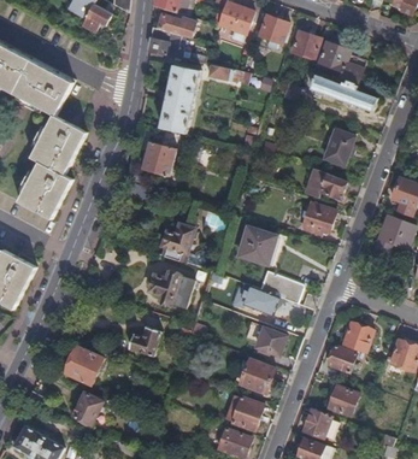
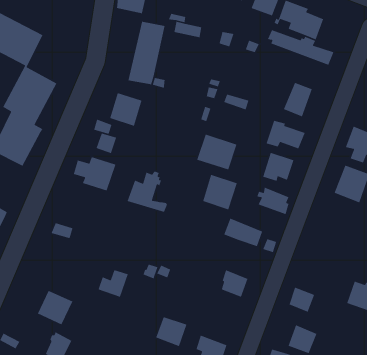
building: none -> [196,134,238,171]
building: [149,271,195,308] -> [73,156,116,192]
building: [241,284,276,314] -> [256,186,290,215]
building: [343,320,373,351] -> none
building: [241,359,275,392] -> [155,316,187,347]

